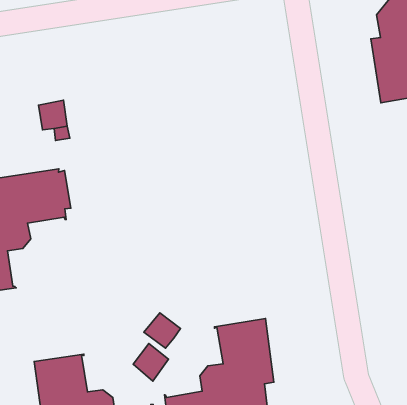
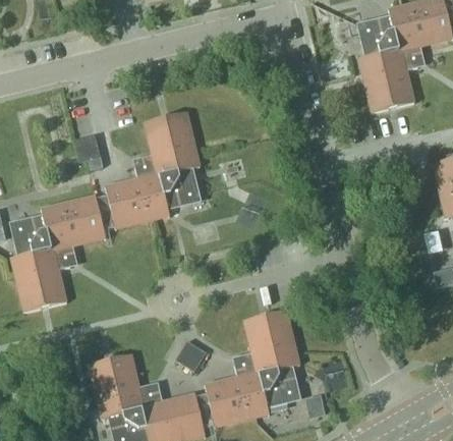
building: none -> [101,111,200,228]
building: [144,313,181,348] -> none

